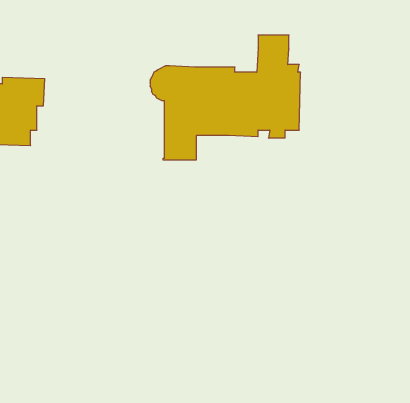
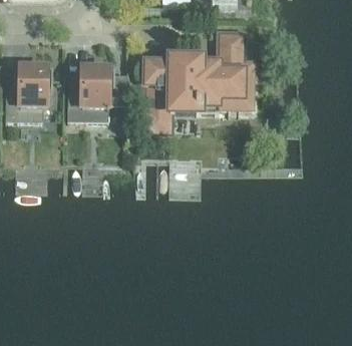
building: none -> [67,65,126,119]

